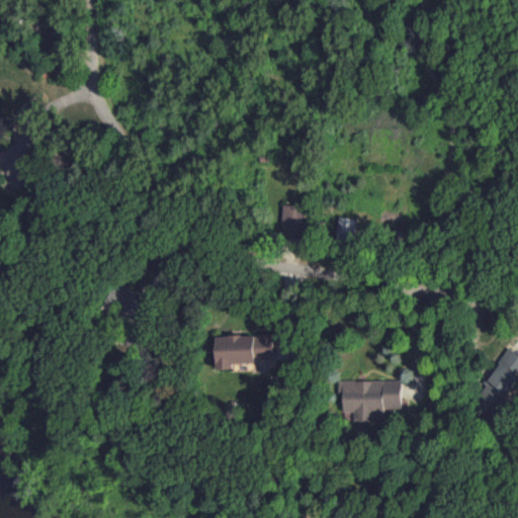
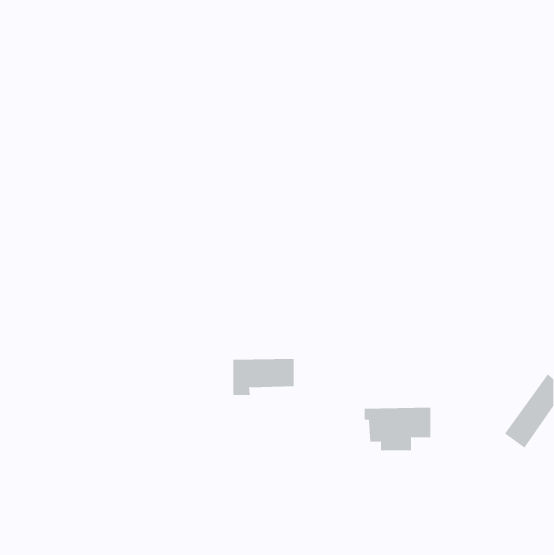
building: [280,205,304,237] -> none
building: [337,217,356,240] -> none

